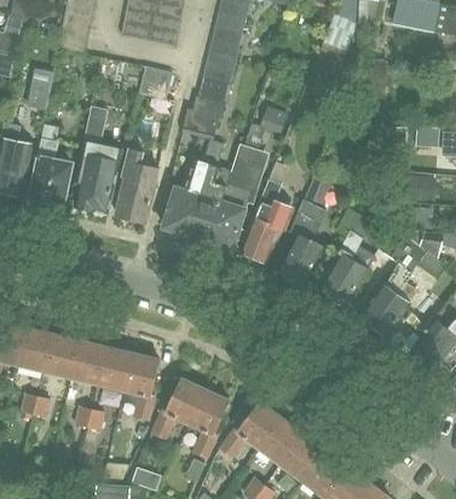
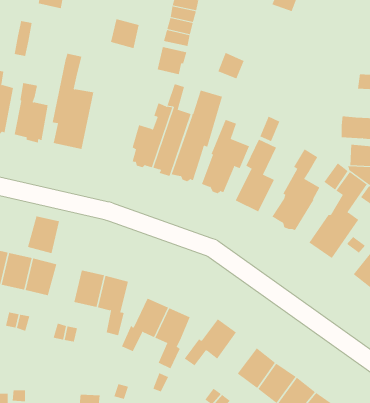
building: [116,149,155,222] -> none
building: [70,342,106,384] -> [27,216,60,254]
building: [259,418,302,464] -> none

